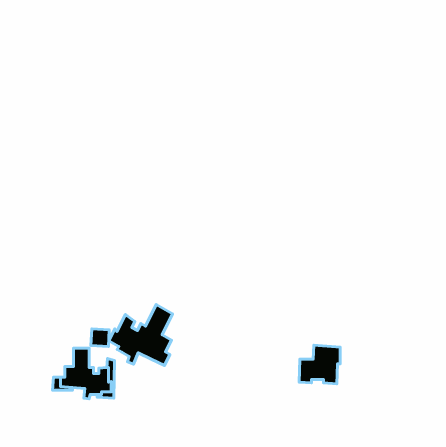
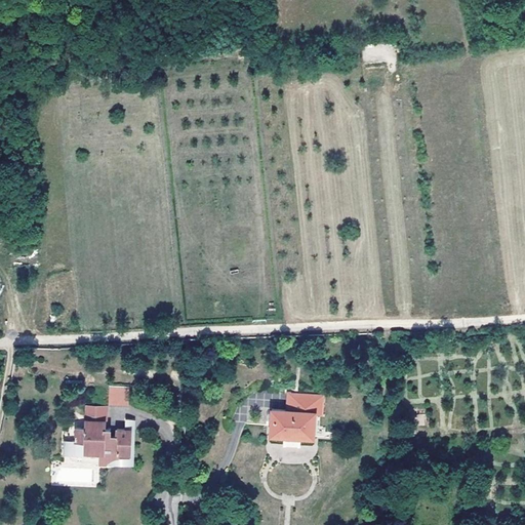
building: [109,304,173,366] -> none
building: [299,345,340,384] -> [269,395,317,440]

